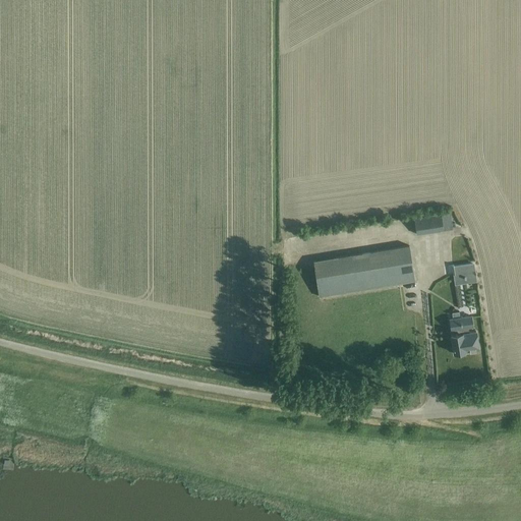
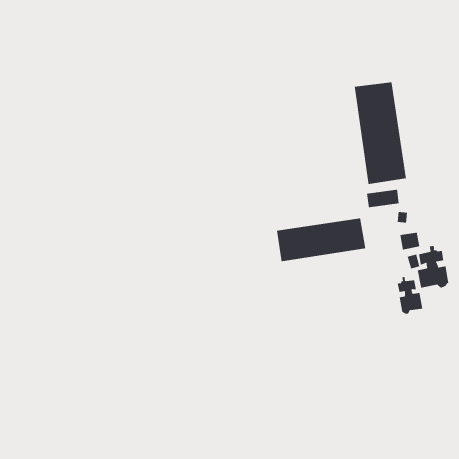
building: none -> [354,82,407,185]
building: none -> [417,245,449,289]

